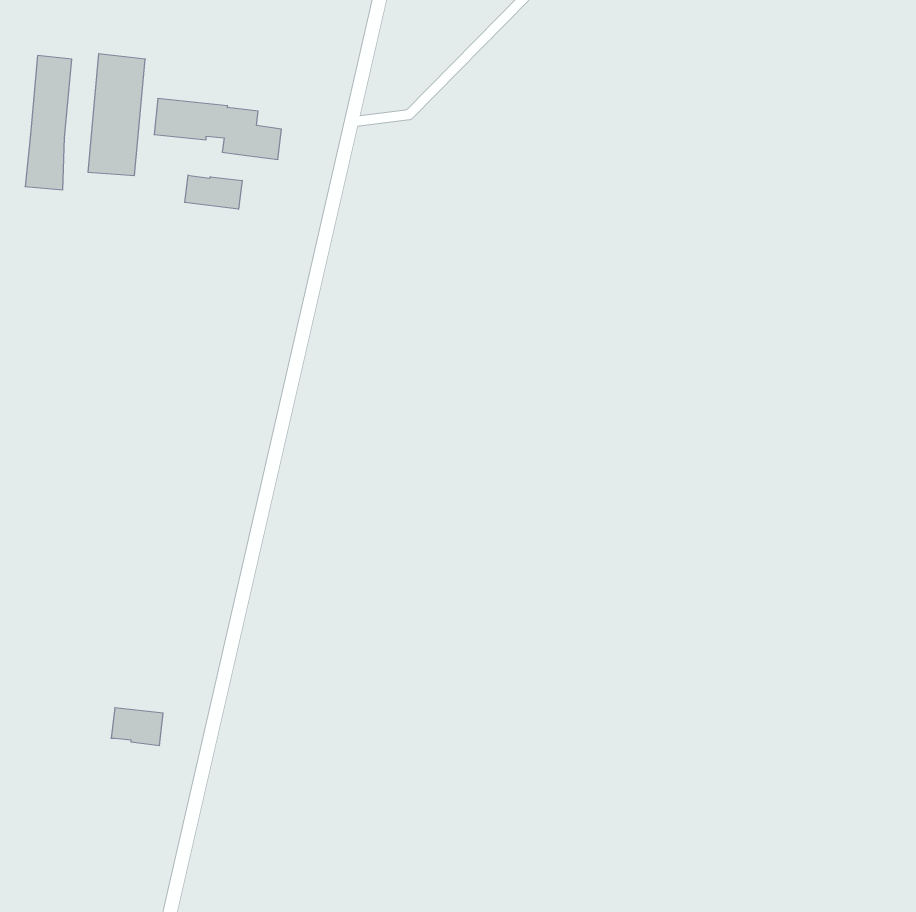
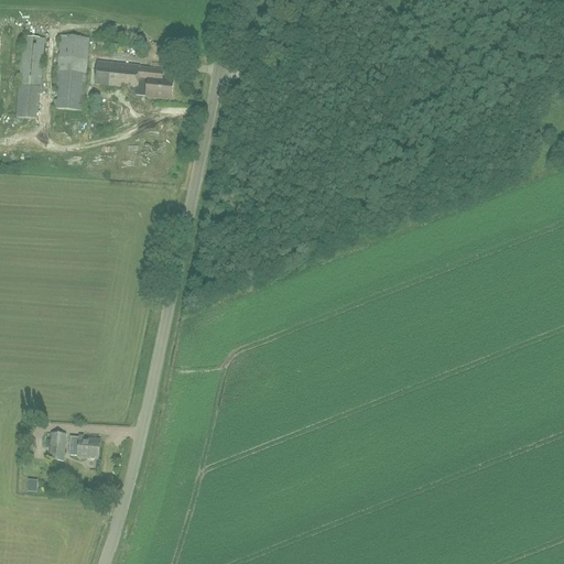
building: [185,175,242,209] -> none
building: none -> [46,431,66,459]

